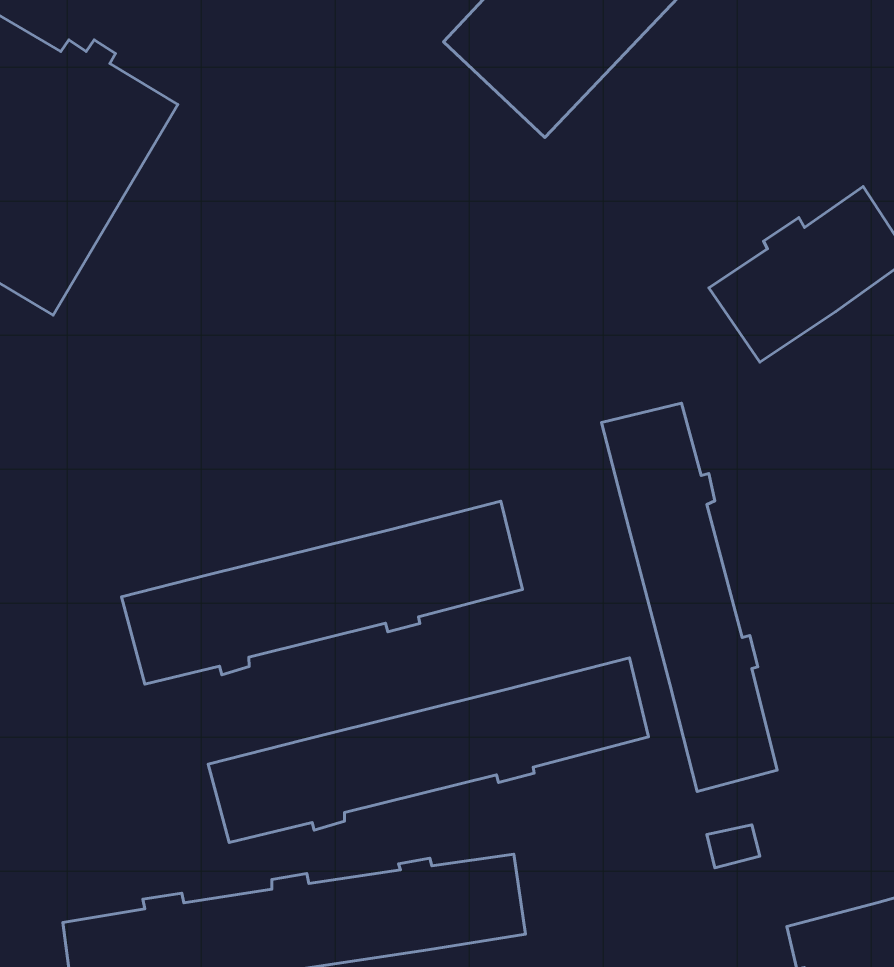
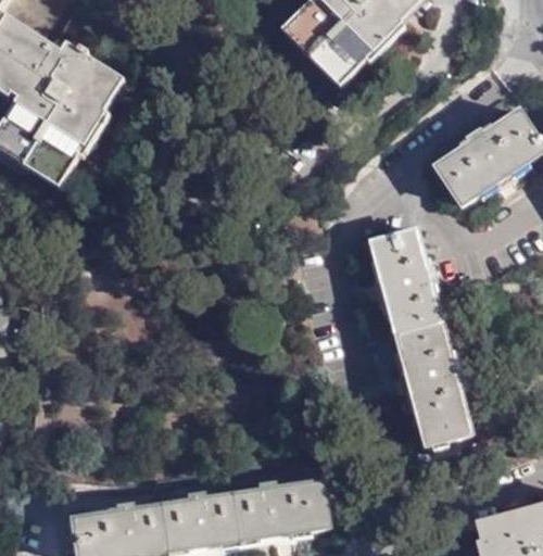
building: [122,501,523,684] -> none
building: [208,658,648,843] -> none

